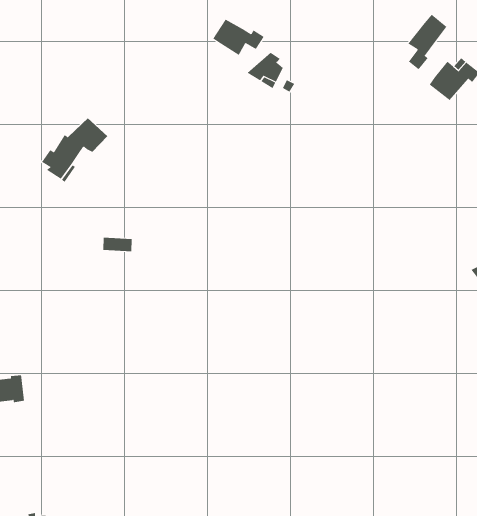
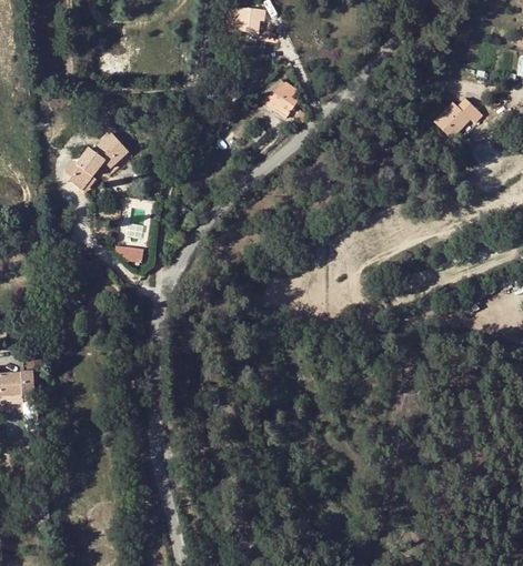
building: [408,14,447,70] -> none
building: [212,19,264,56] -> none

